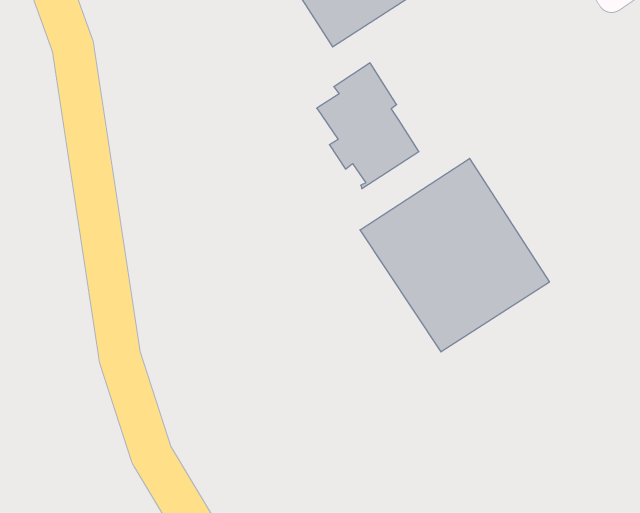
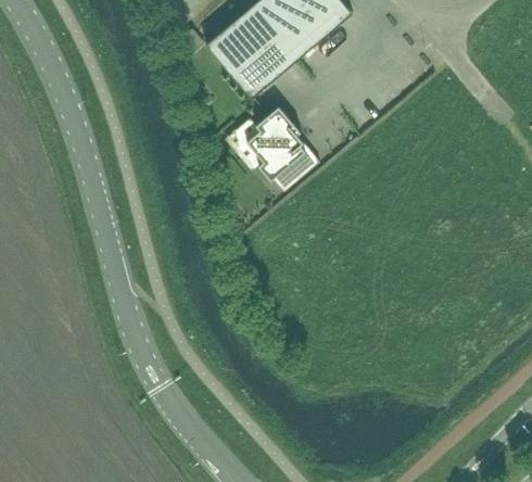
building: [360,158,549,352] -> none

